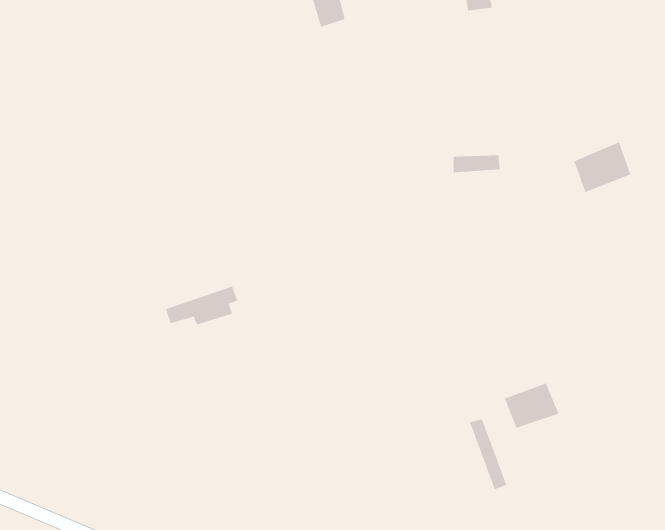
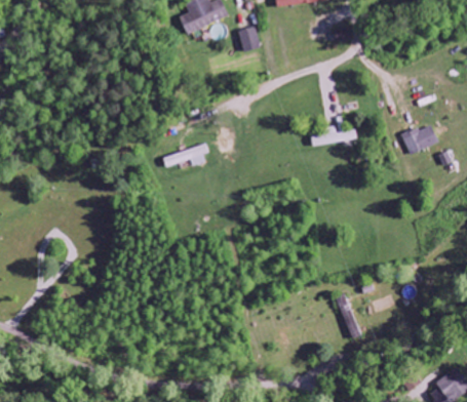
building: [165,286,238,325] -> [162,144,207,168]
building: [504,382,559,429] -> none

